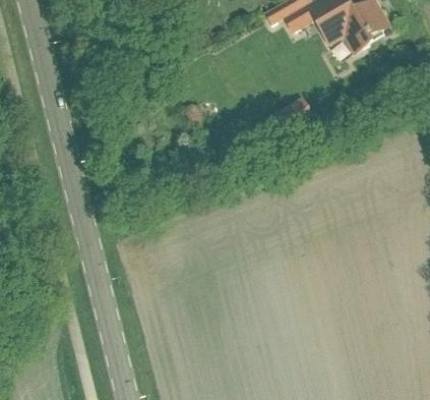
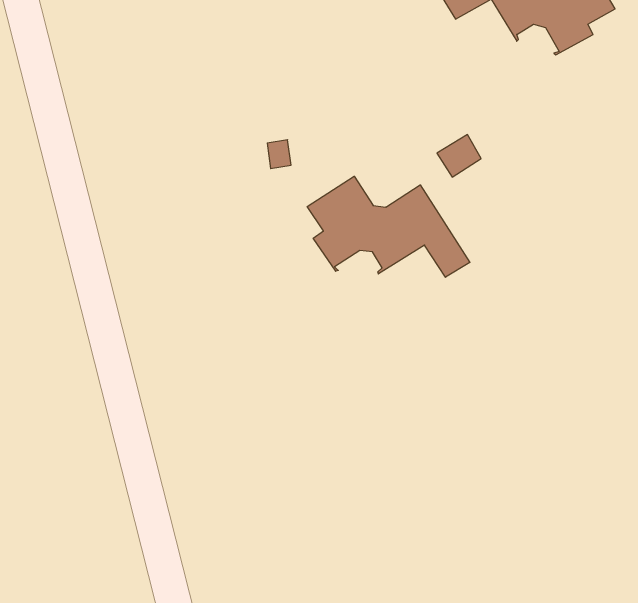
building: none -> [307,176,470,277]

